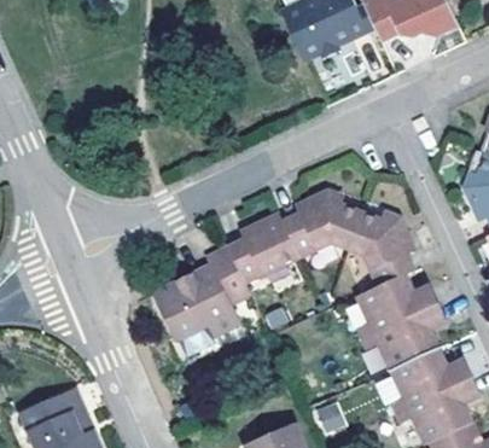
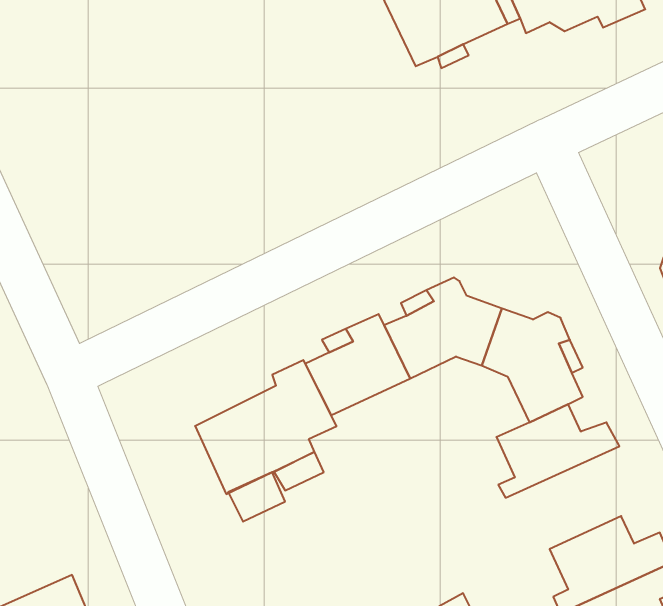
building: [362,303,446,371] -> none

